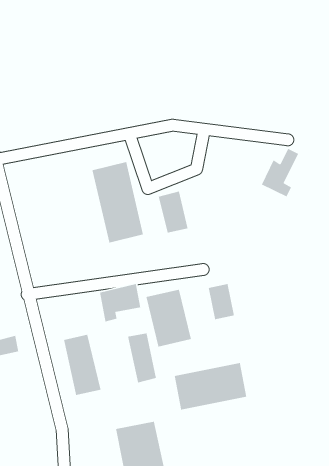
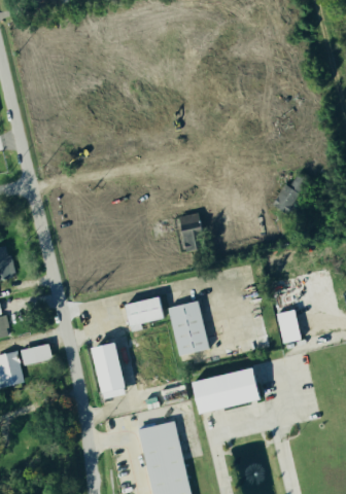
building: [92,161,144,243] -> none
building: [208,283,235,320] -> [276,309,301,343]
building: [127,333,157,383] -> none

